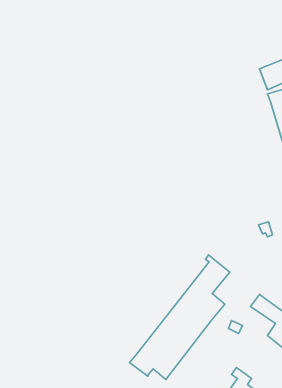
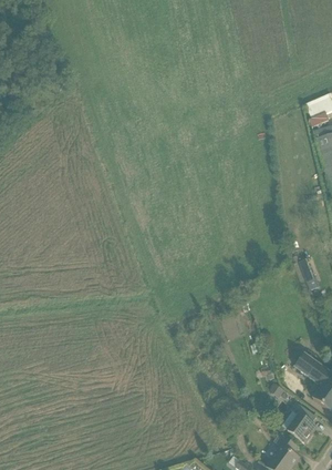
building: [130,255,230,379] -> none
building: none -> [287,401,315,442]

